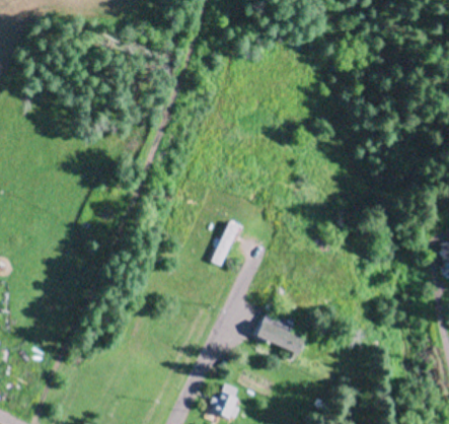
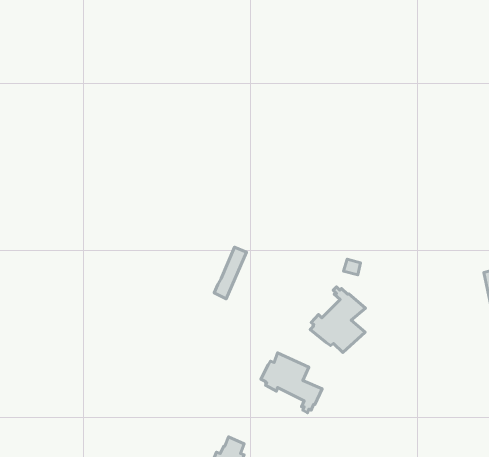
building: none -> [310,287,365,352]

